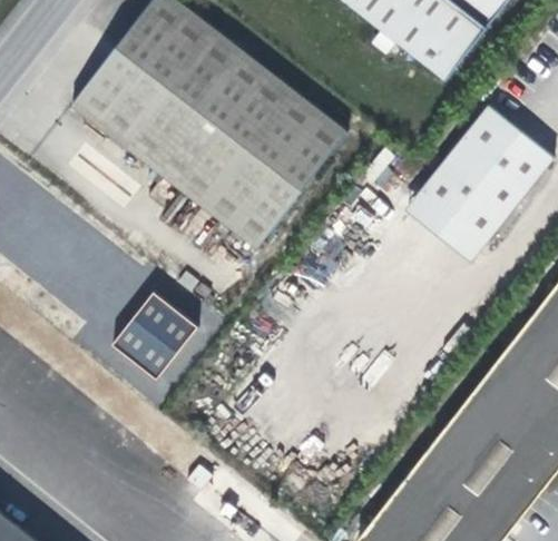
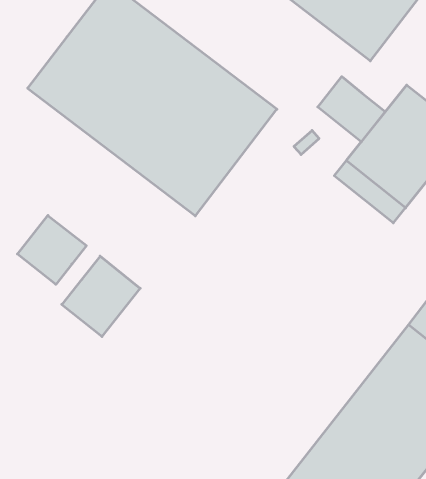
building: none -> [318,77,385,142]
building: none -> [17,215,86,284]

